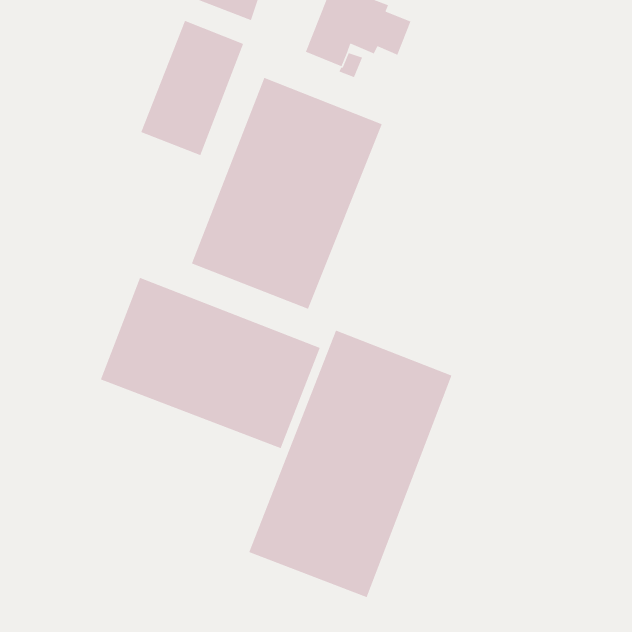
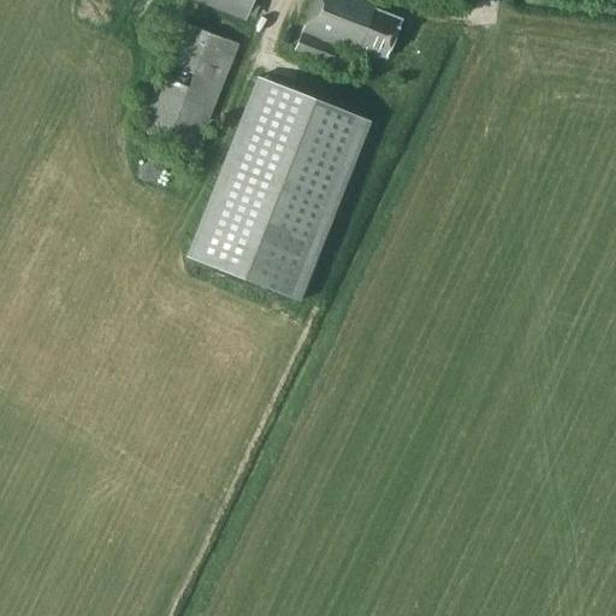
building: [100,277,321,449] -> none
building: [248,329,453,598] -> none

